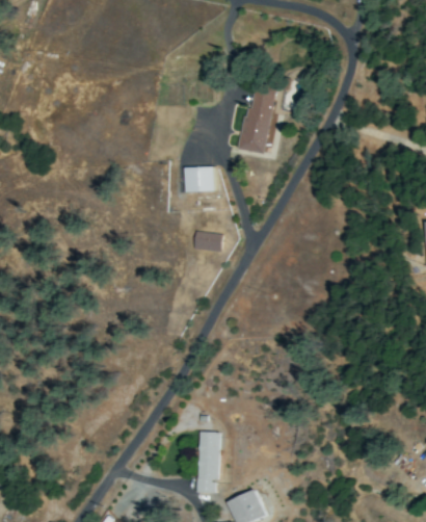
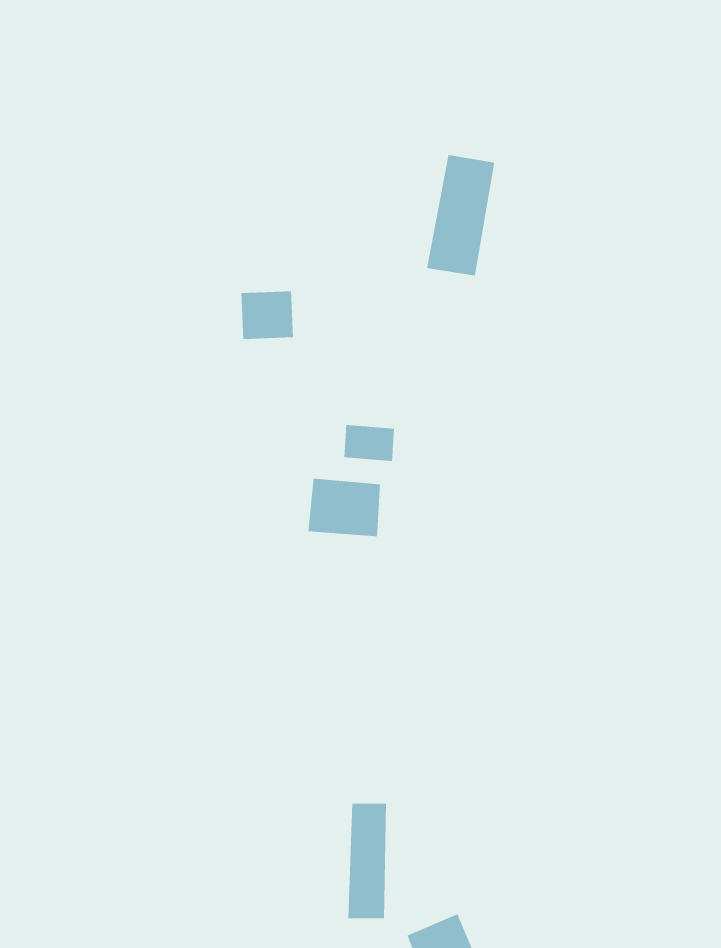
building: [186,165,214,191] -> [241,290,294,340]
building: none -> [308,478,381,537]

